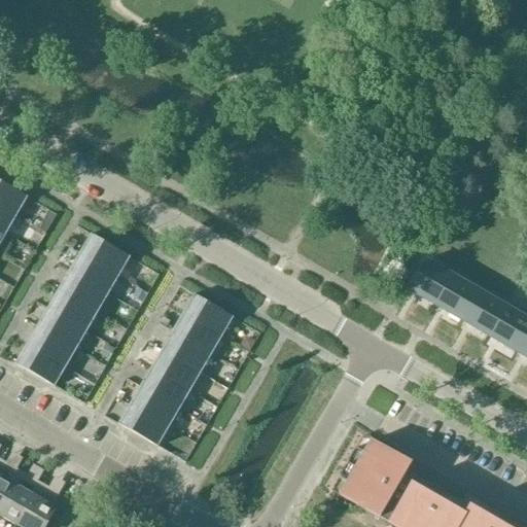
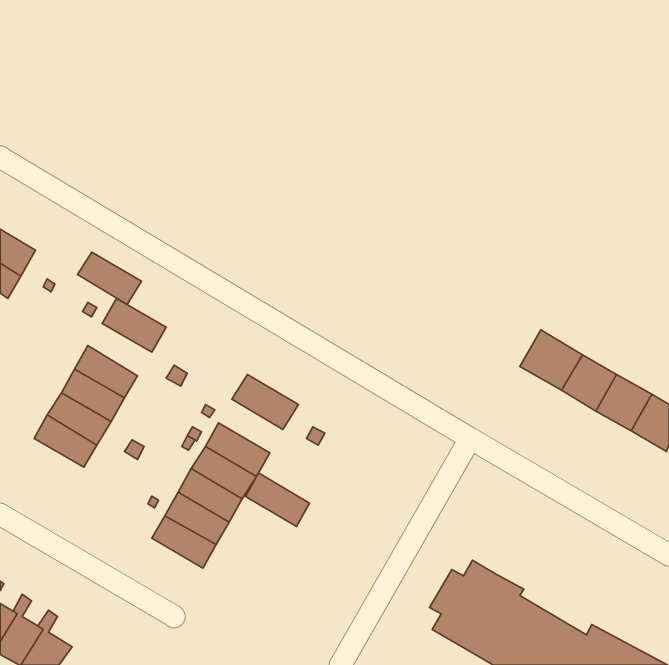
building: [69,254,119,295] -> [77,252,142,305]
building: [172,314,222,356] -> [245,473,310,527]
building: [16,345,66,385] -> none

